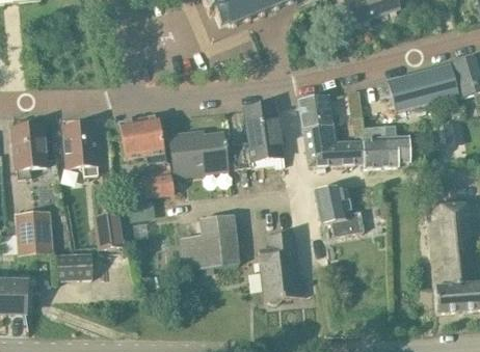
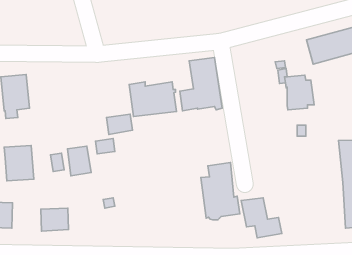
building: [300,93,365,164] -> none
building: [119,114,166,162] -> none
building: [63,121,99,174] -> none
building: [315,186,365,235] -> [241,198,282,238]
building: [182,213,240,269] -> none
building: [58,251,92,279] -> [41,208,69,231]

